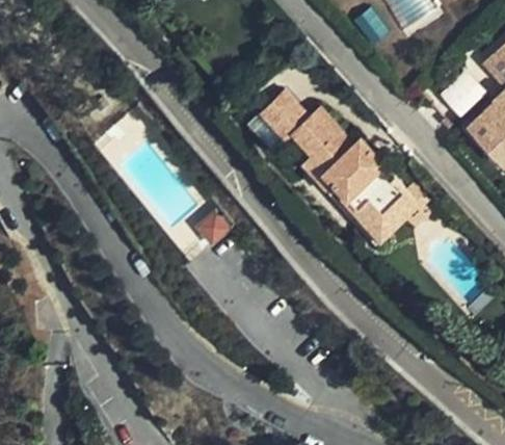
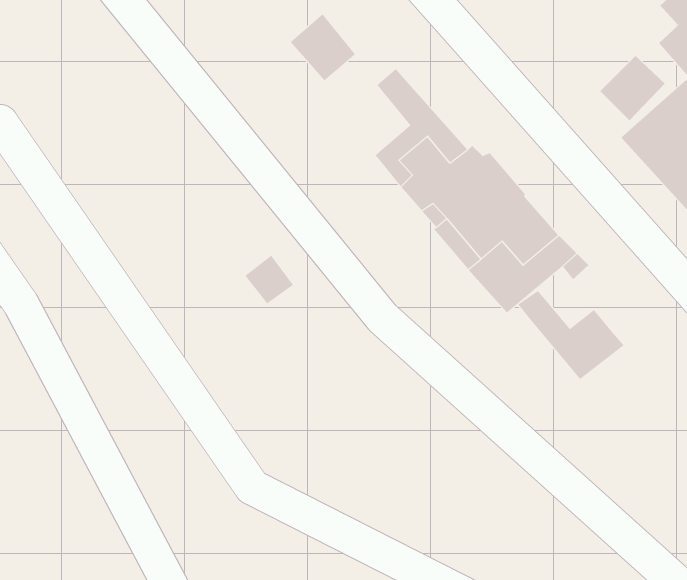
building: [265,90,311,137] -> [290,14,356,81]
building: none -> [518,290,625,380]

